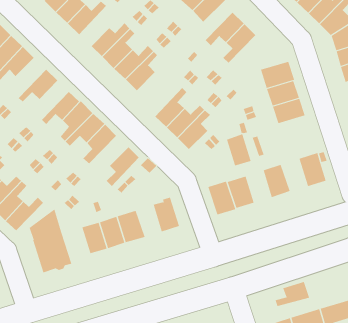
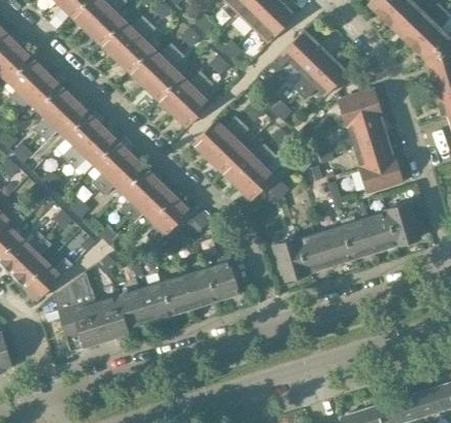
building: none -> [116,23,156,72]
building: none -> [299,59,348,100]
building: none -> [33,87,75,136]
building: none -> [62,115,103,163]
building: none -> [193,117,243,159]
building: none -> [360,157,401,192]
building: [226,134,251,166] -> [321,225,352,265]
building: none -> [128,183,176,224]
building: none -> [364,212,396,251]
building: none -> [186,267,217,307]
building: none -> [95,295,130,340]
building: [275,281,310,307] -> none

